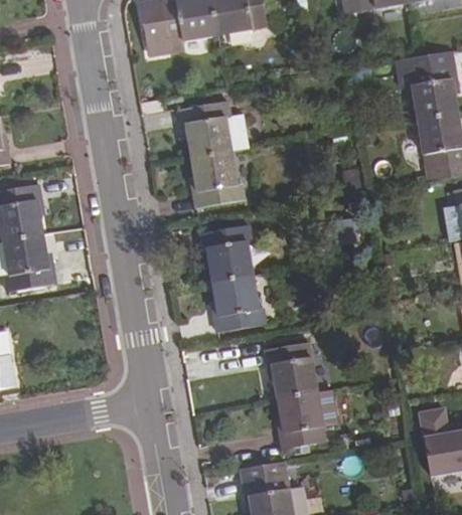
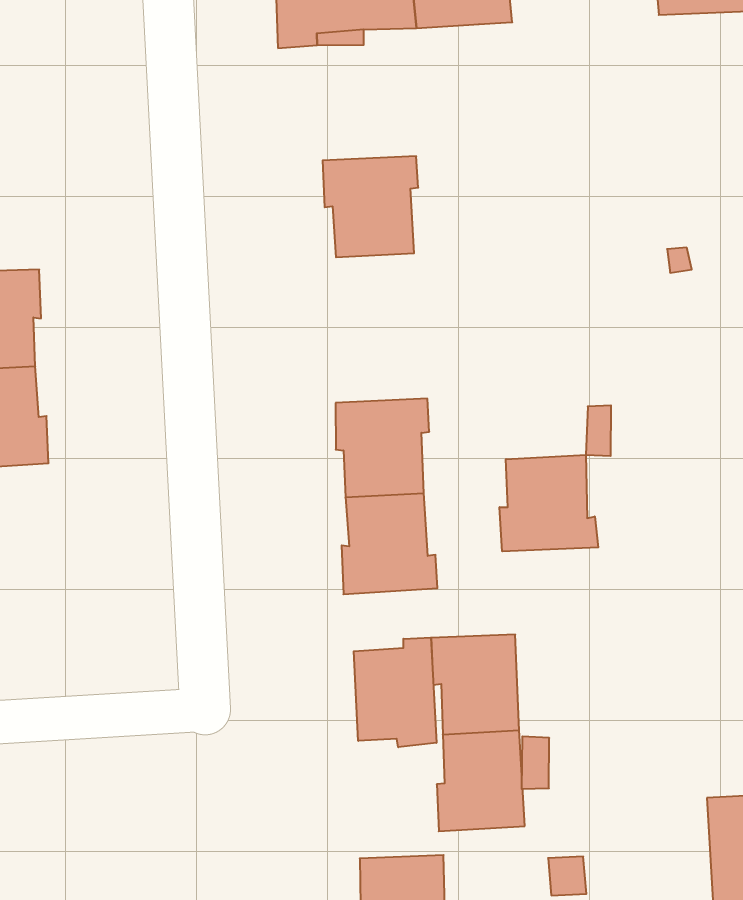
building: [192,152,245,207] -> none
building: none -> [500,455,598,551]
building: none -> [354,638,436,747]

